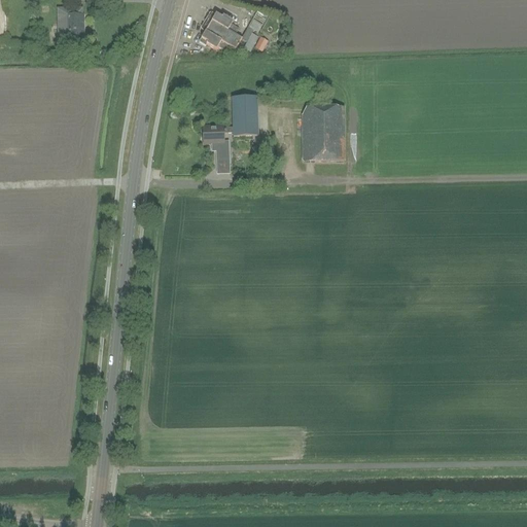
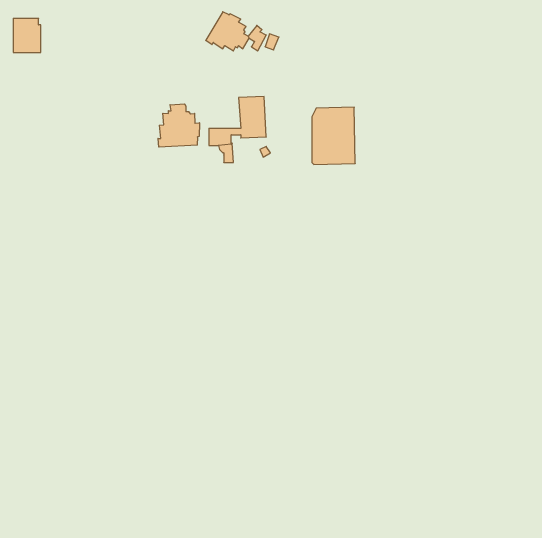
building: [58,5,84,38] -> [13,18,41,52]
building: none -> [158,104,199,147]

